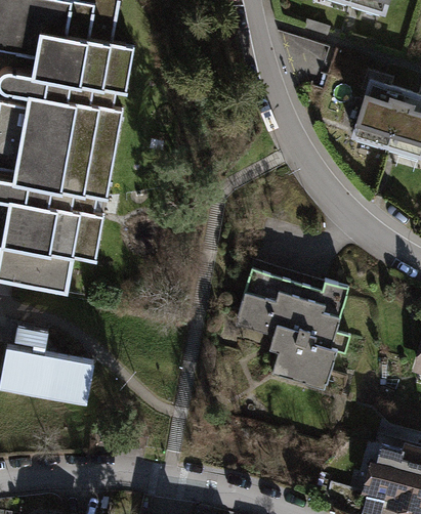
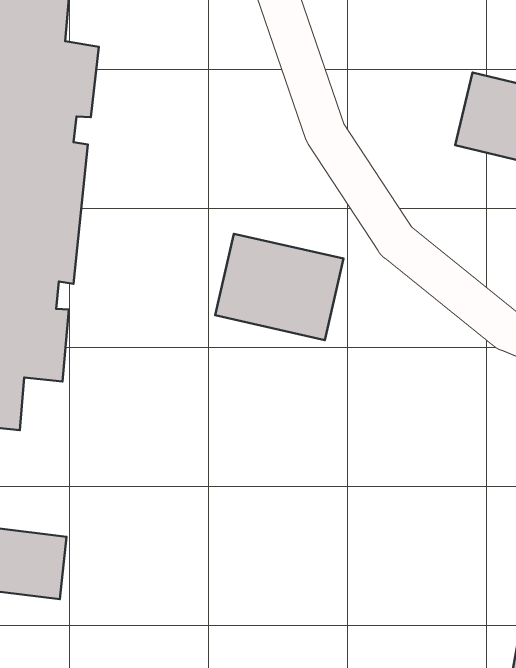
building: none -> [215,234,343,340]
building: [235,264,346,391] -> none

